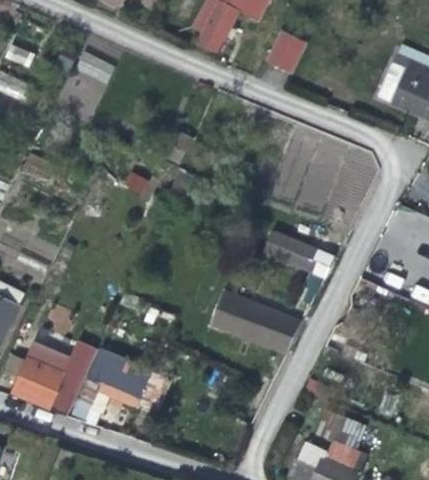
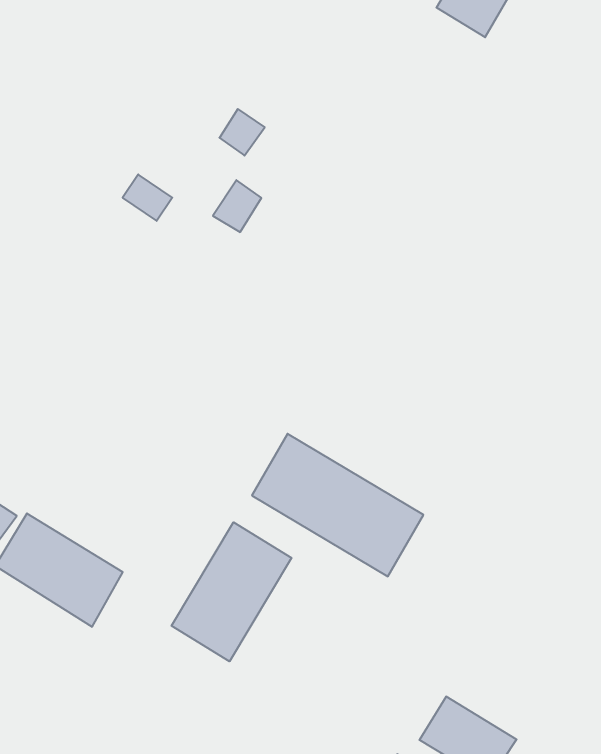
building: [264,232,323,272] -> none
building: none -> [172,522,291,661]

